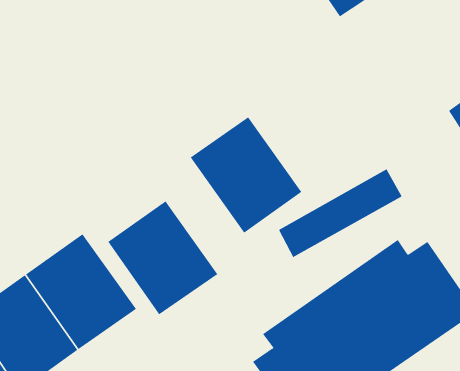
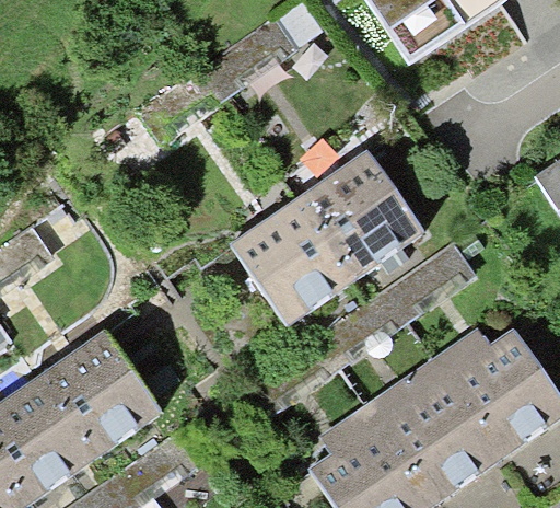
building: none -> [299,136,431,273]
building: [108,201,218,315] -> none

